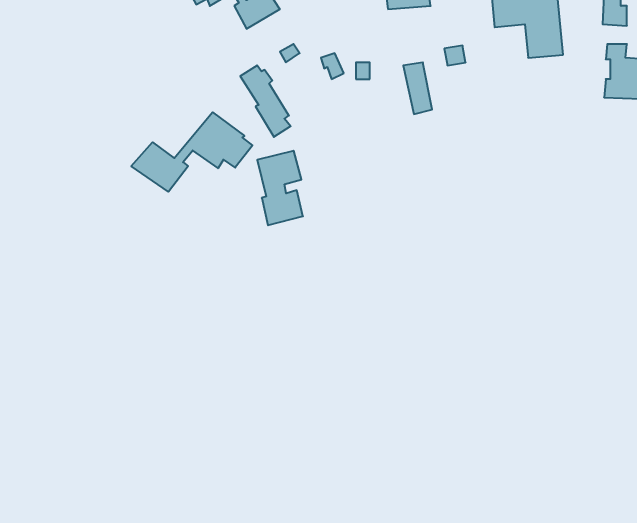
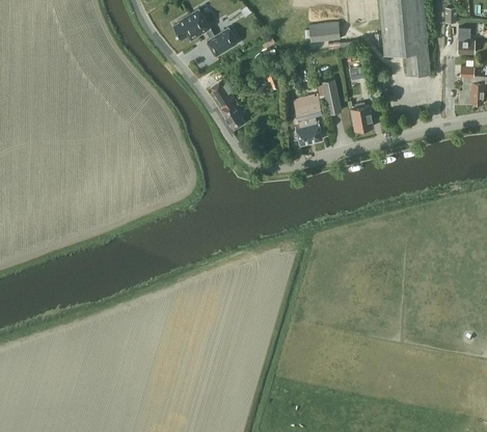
building: none -> [349,103,373,131]
building: [131,112,252,192] -> none
building: [257,151,303,225] -> [292,94,323,145]

